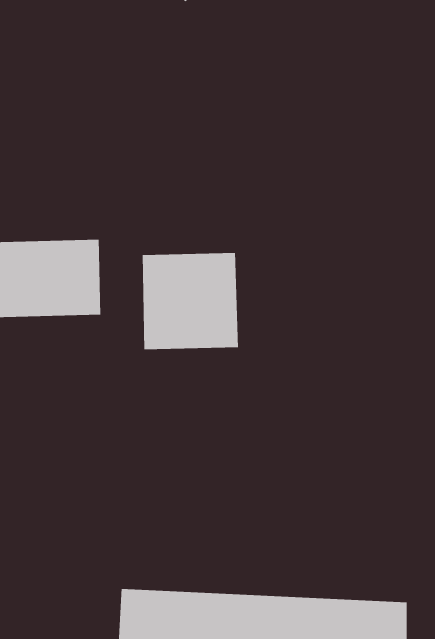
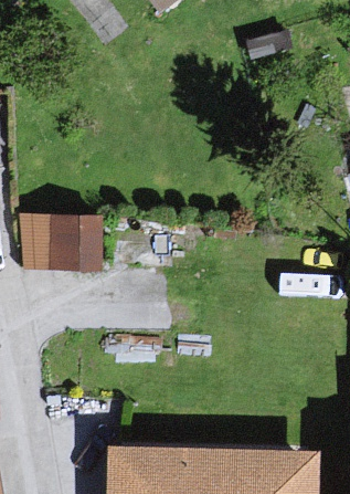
building: [142,252,239,350] -> none

